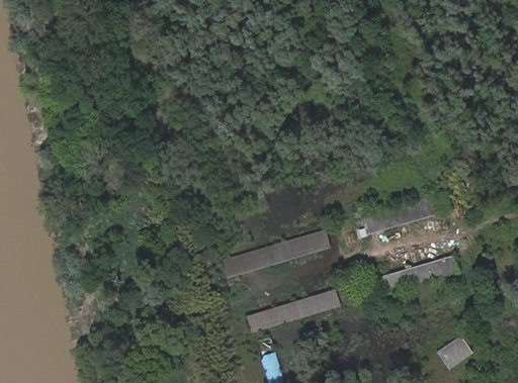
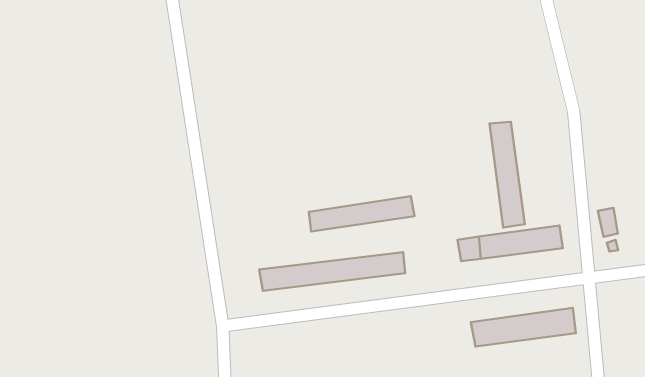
building: none -> [490,122,525,228]
building: [251,293,329,330] -> [309,196,415,231]

